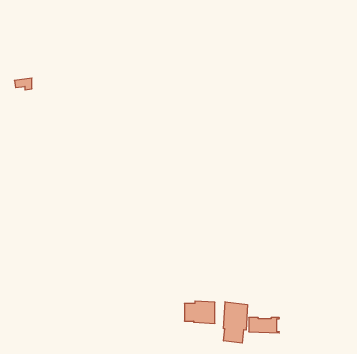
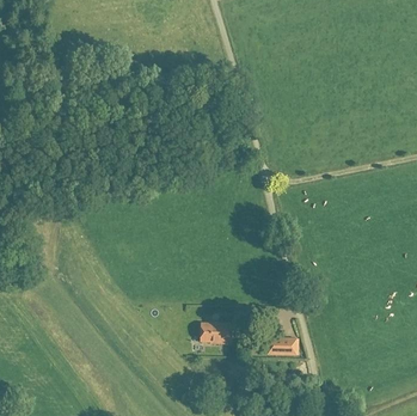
building: [224,302,247,343] -> none

